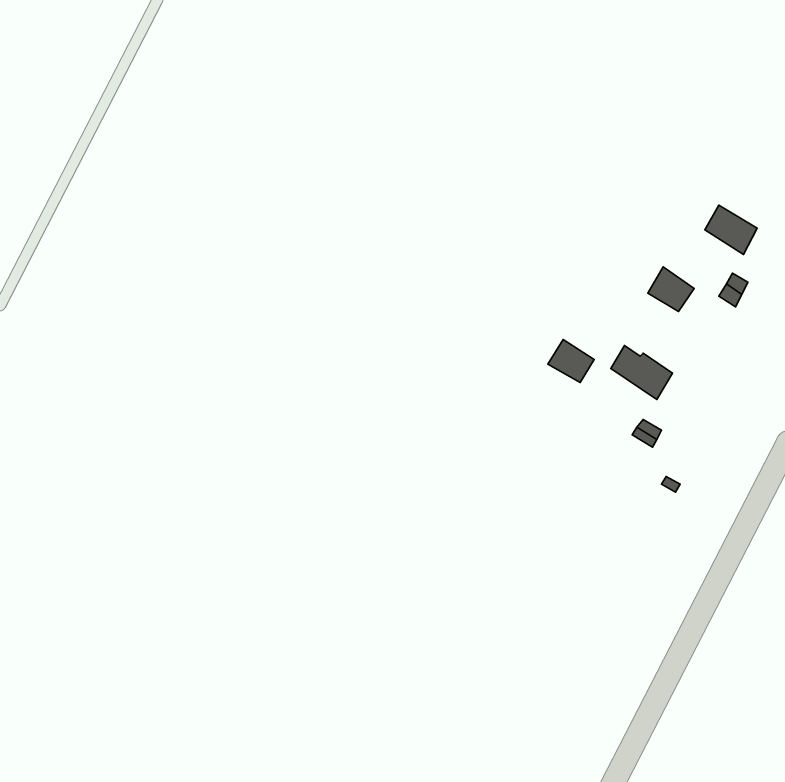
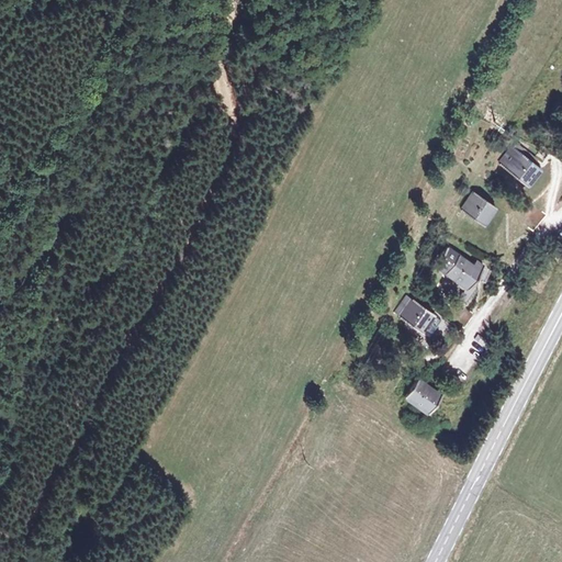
building: [548,339,594,383] -> [398,299,431,329]
building: none -> [406,381,439,412]

